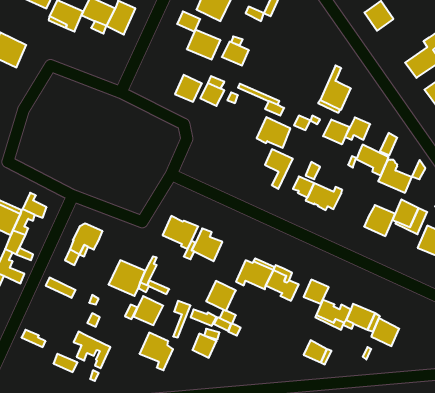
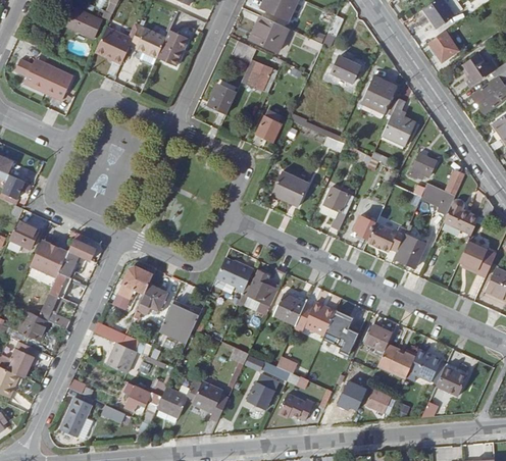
building: none -> [461,52,498,88]
building: [222,42,249,66] -> [332,56,360,82]
building: none -> [362,75,397,112]
building: [175,75,202,102] -> [208,84,237,112]
building: [257,117,290,148] -> [272,170,308,203]
building: [323,119,350,144] -> none
building: [364,205,395,236] -> [394,234,426,266]
building: none -> [137,283,167,314]
building: [206,281,236,311] -> [273,293,305,324]
building: none -> [106,342,136,371]
building: [133,296,163,325] -> [156,386,188,416]
building: none -> [336,379,366,410]
building: none -> [277,393,313,419]
building: none -> [60,397,91,436]

